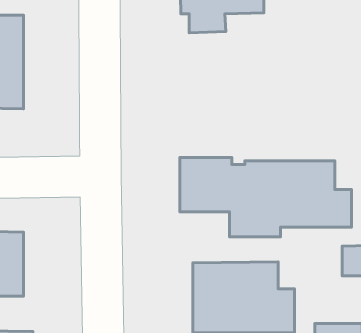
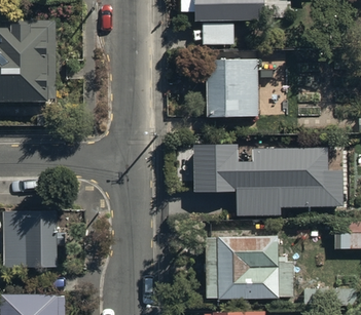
building: none -> [204,60,257,114]

